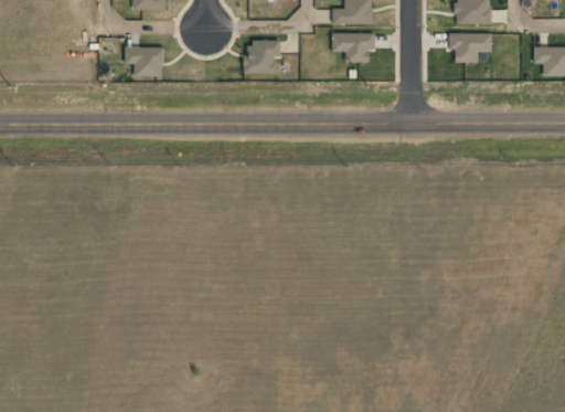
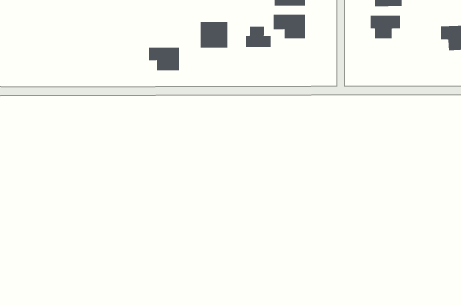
building: [125,46,163,75] -> [148,47,180,71]
building: none -> [246,26,271,48]

